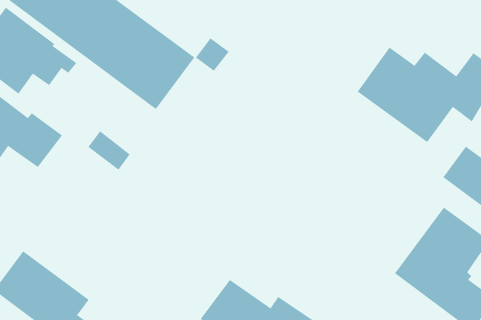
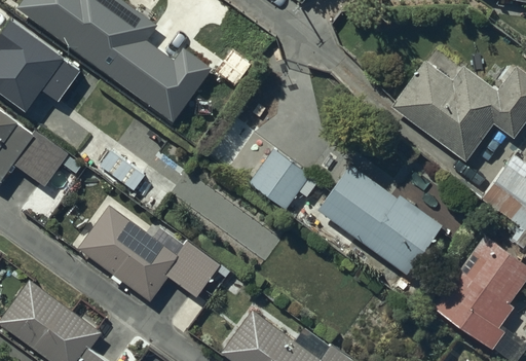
building: none -> [248,150,318,211]
building: none -> [316,164,442,275]
building: none -> [78,206,220,302]

